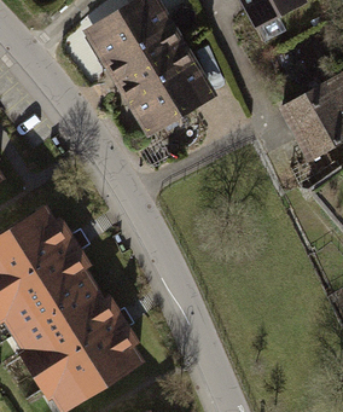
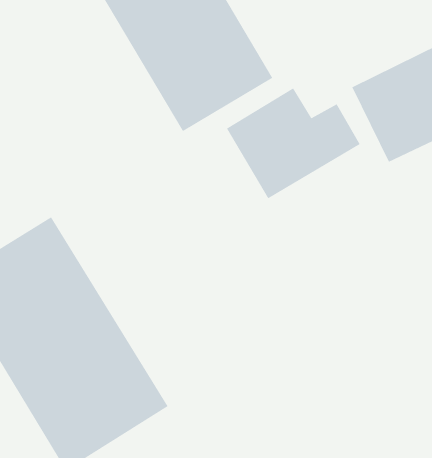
building: none -> [226,87,360,199]

